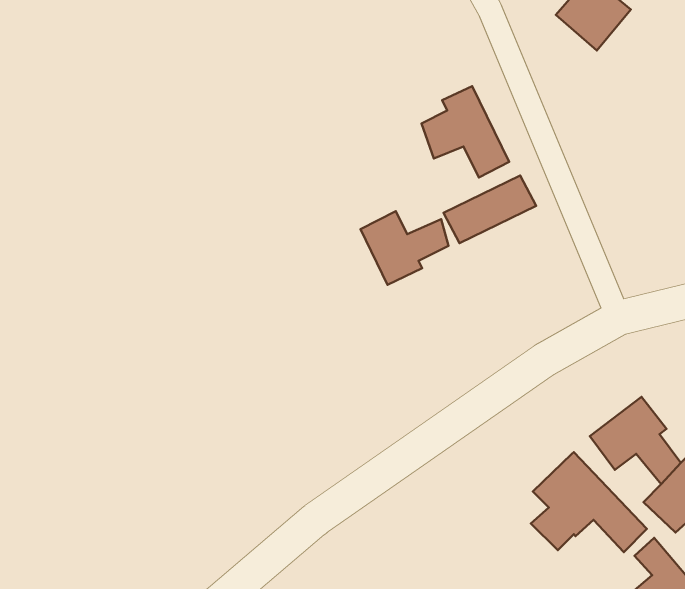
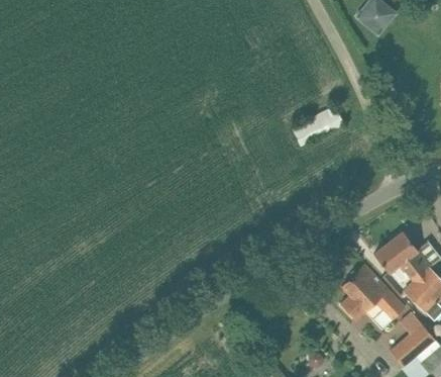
building: [421,86,509,178] -> none
building: [360,211,449,285] -> none

